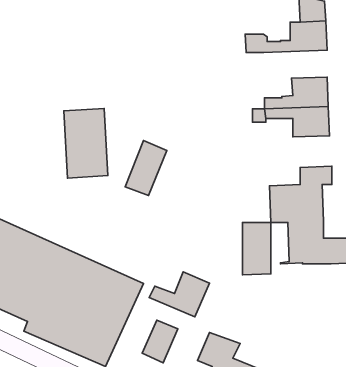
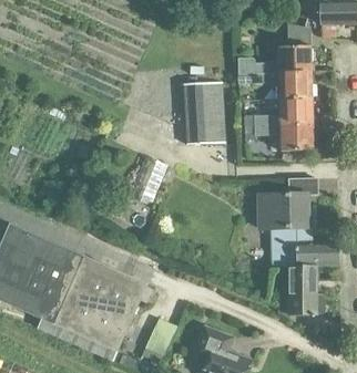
building: none -> [255,73,313,99]
building: [64,108,108,178] -> [183,80,223,143]
building: [243,222,271,275] -> [290,267,316,314]
building: [149,272,210,317] -> none

